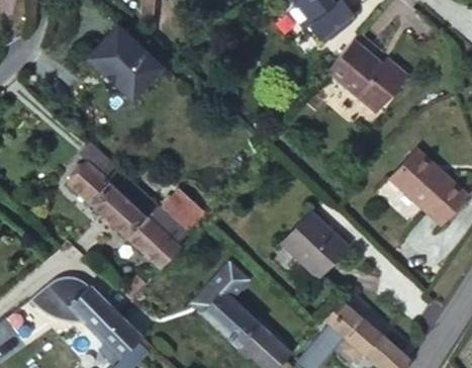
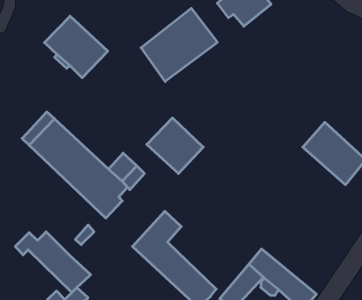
building: none -> [141,8,217,82]
building: [328,41,407,113] -> none
building: [282,212,349,278] -> [147,118,203,174]

